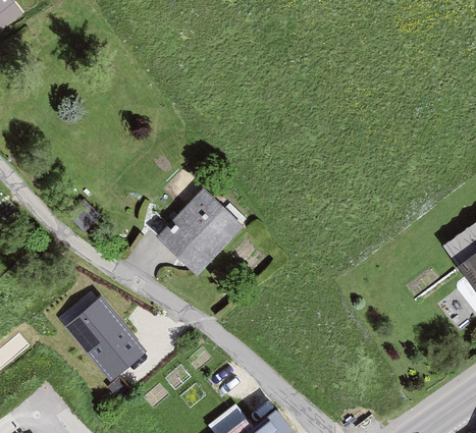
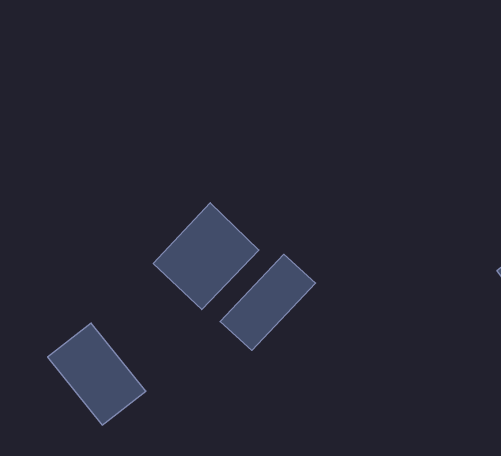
building: none -> [220,254,316,350]

